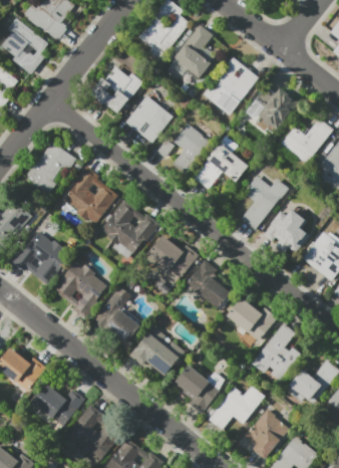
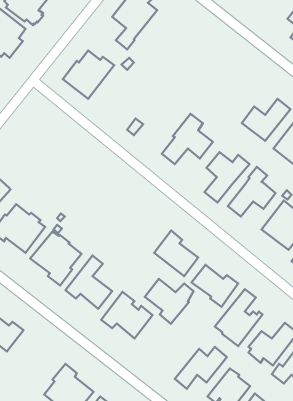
building: [175,24,213,80] -> none
building: [203,56,259,109] -> none
building: [256,85,300,131] -> none
building: [125,94,174,143] -> none
building: [173,123,211,174] -> none
building: [27,141,76,192] -> none
building: [64,165,118,223] -> none
building: [101,199,160,258] -> none
building: [145,235,199,278] -> none
building: [174,365,226,413] -> [145,279,193,324]
building: [31,382,84,426] -> none

